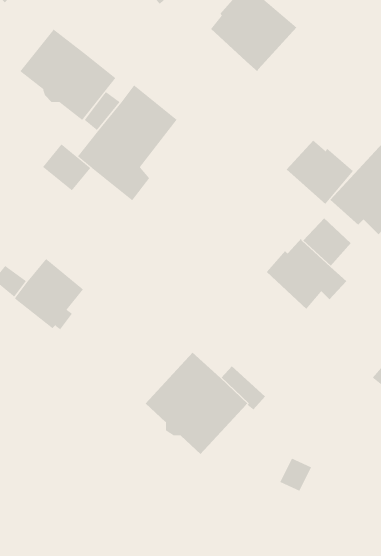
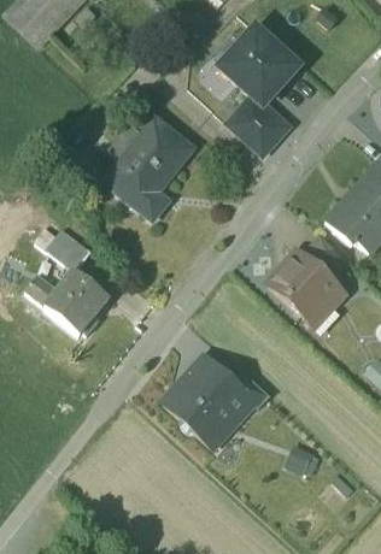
building: [20,29,116,121] -> none
building: [286,140,354,205] -> [228,96,288,154]
building: [42,144,91,191] -> [48,229,92,271]

